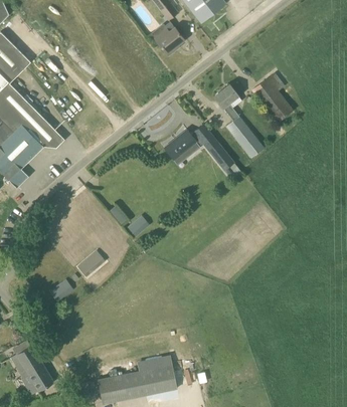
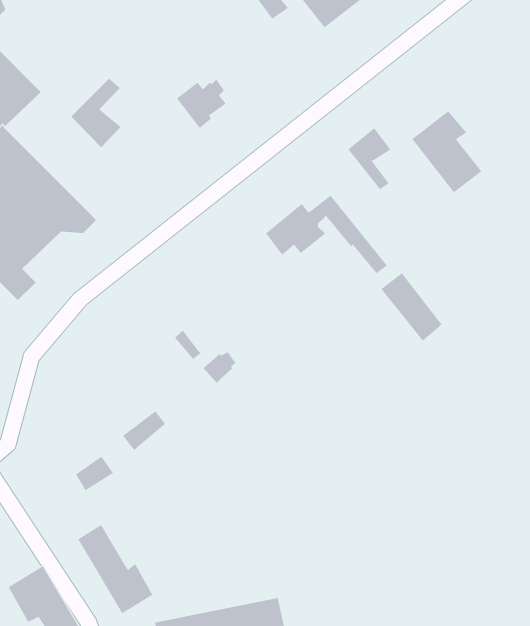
building: [154,25,184,55] -> [176,78,227,129]
building: none -> [70,78,122,148]
building: [226,117,264,158] -> [380,272,443,341]
building: none -> [77,524,153,614]

